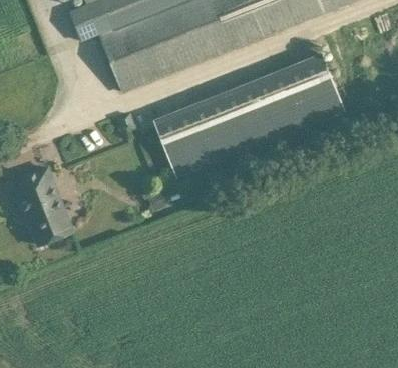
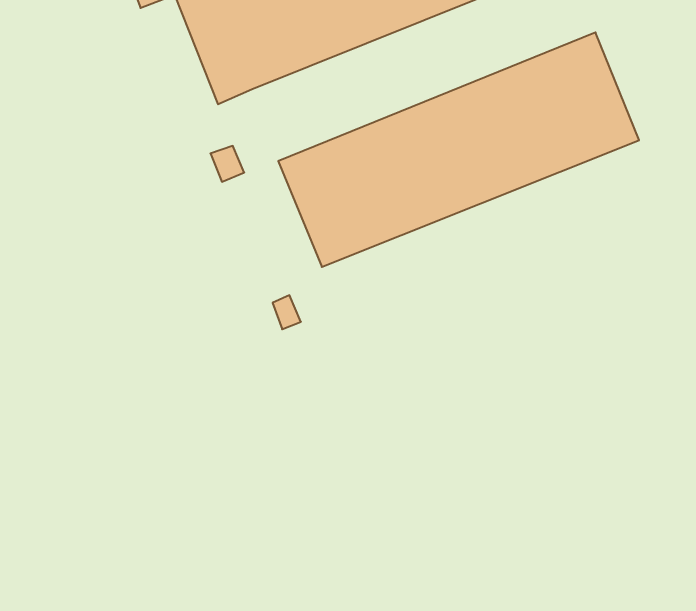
building: [12,165,71,243] -> none

